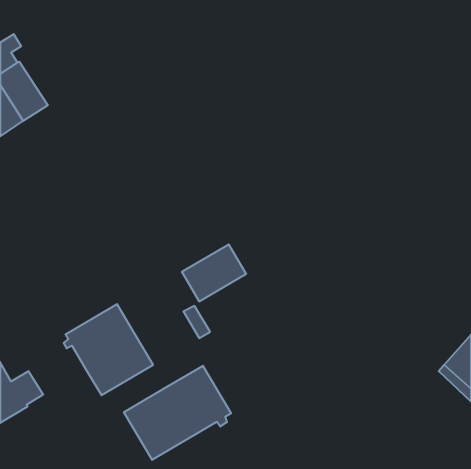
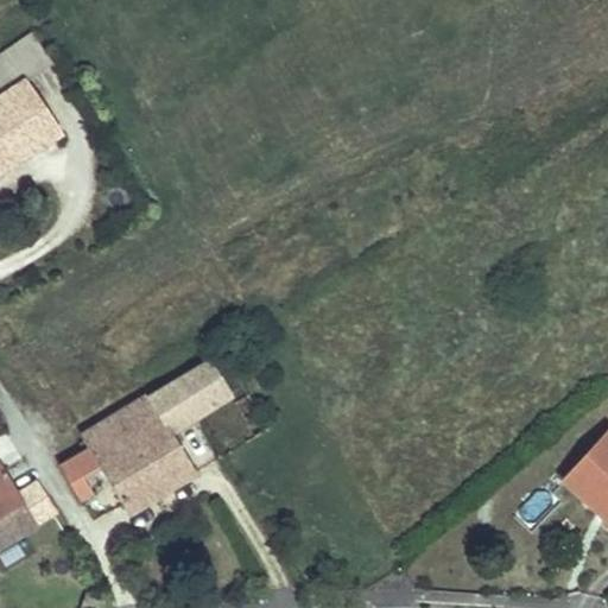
building: [182,244,246,301] -> [151,359,234,432]
building: none -> [61,448,112,499]
building: [124,366,231,460] -> none

